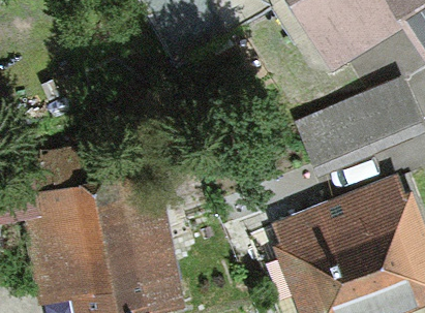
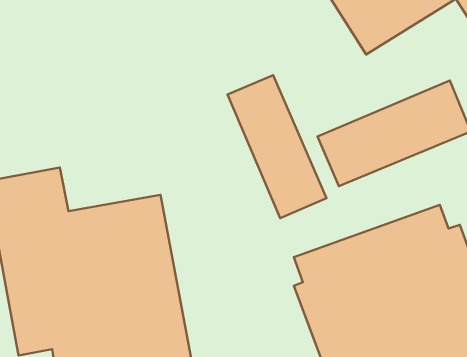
building: none -> [228,75,327,218]

